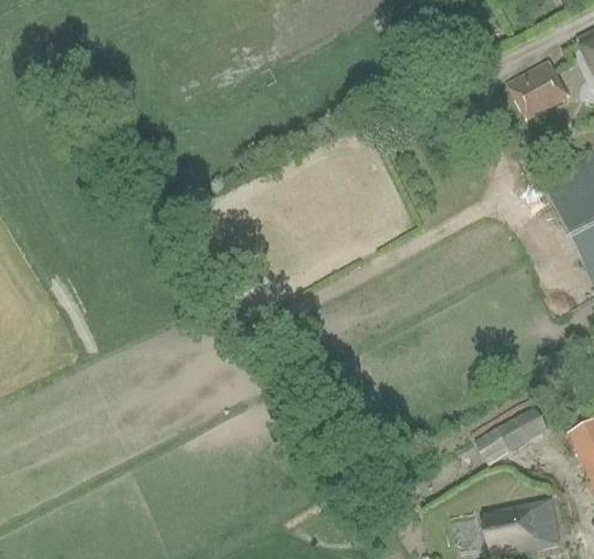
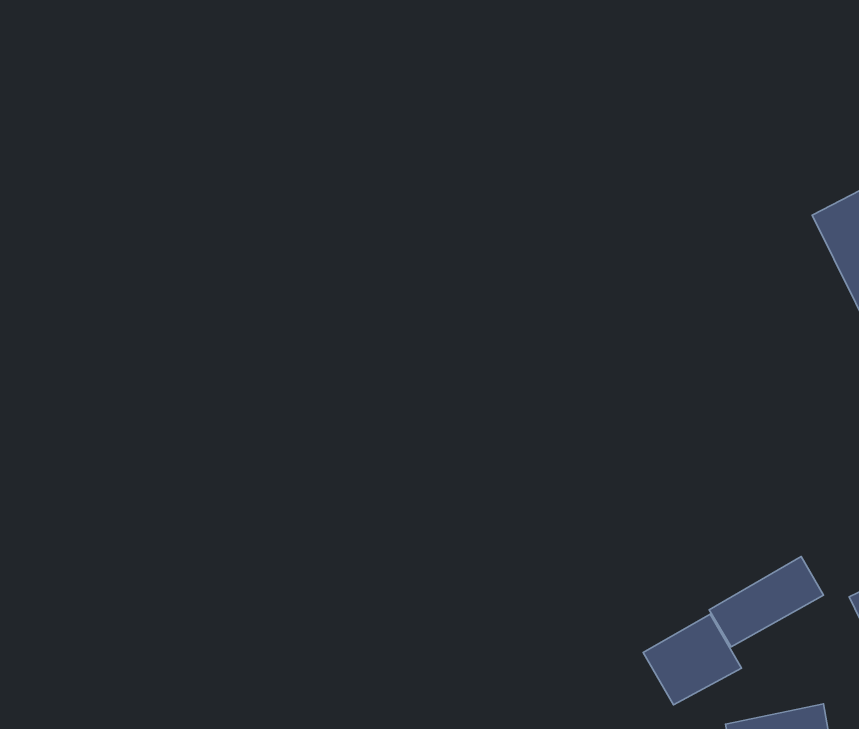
building: [509,60,566,113] -> none
building: none -> [643,614,741,705]

